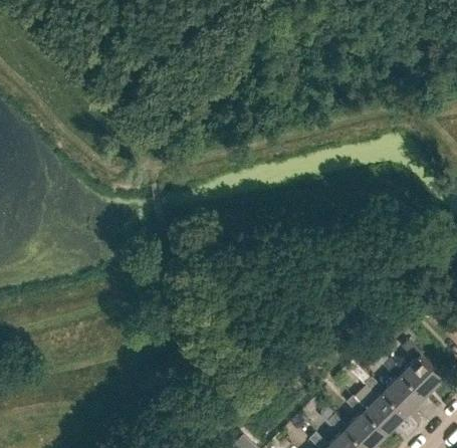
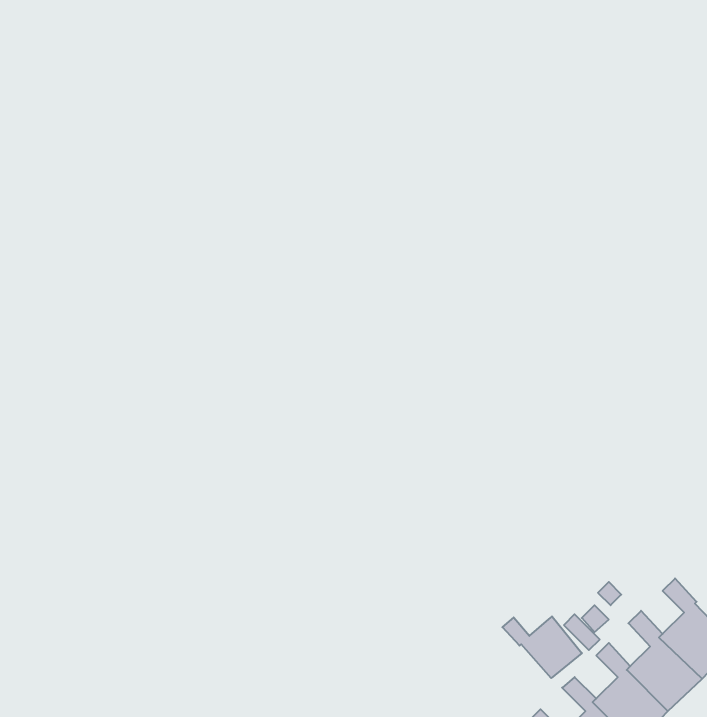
building: none -> [502,616,582,678]

